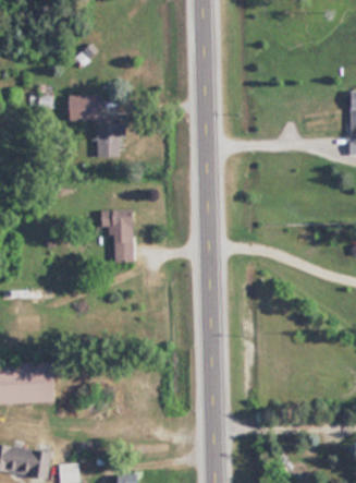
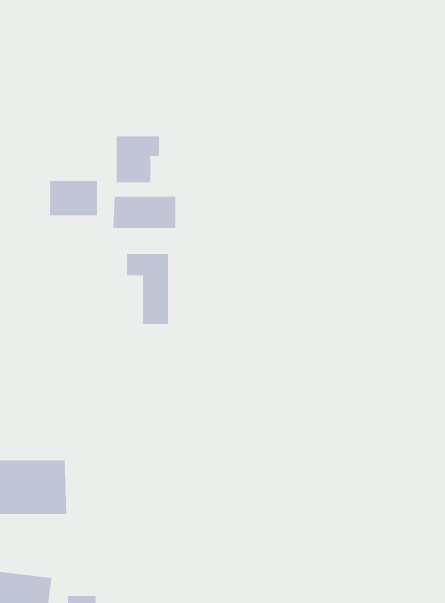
building: [66,95,102,121] -> [49,181,98,216]
building: none -> [113,196,176,229]

